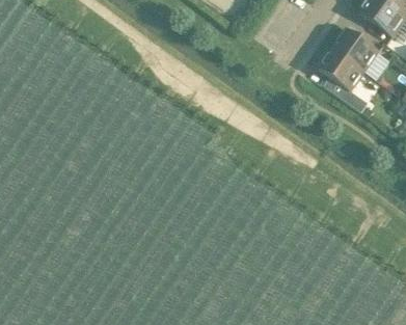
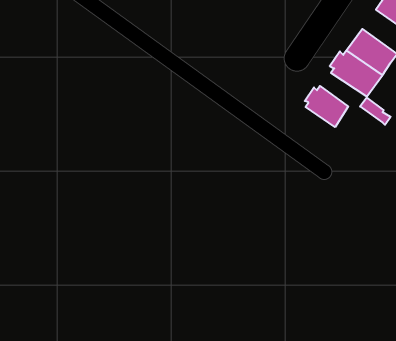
building: none -> [305,86,348,127]

